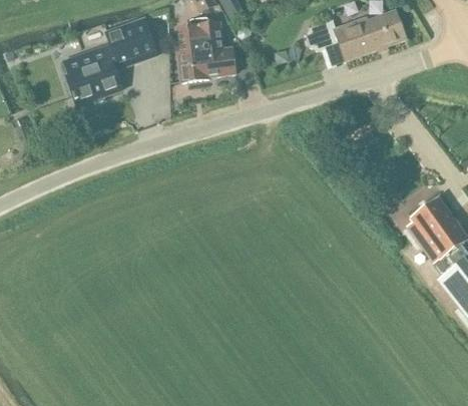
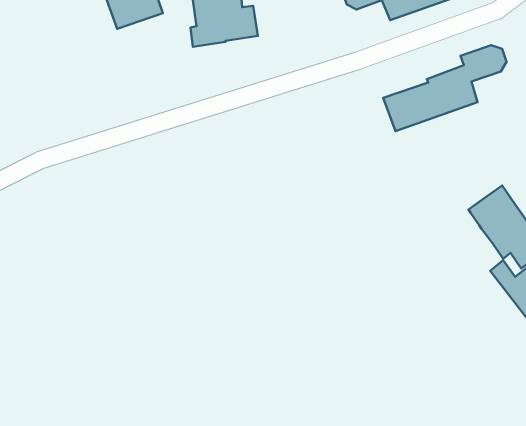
building: [66,58,121,104] -> none
building: none -> [383,45,507,131]

